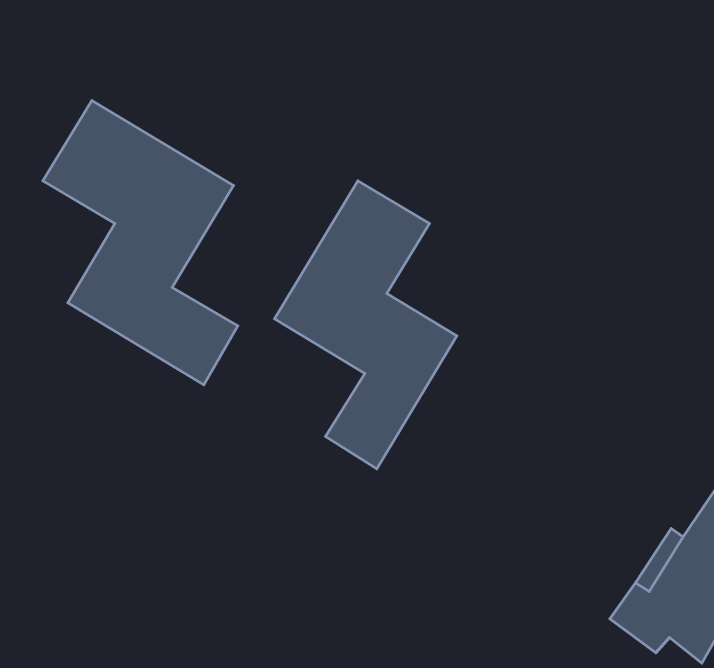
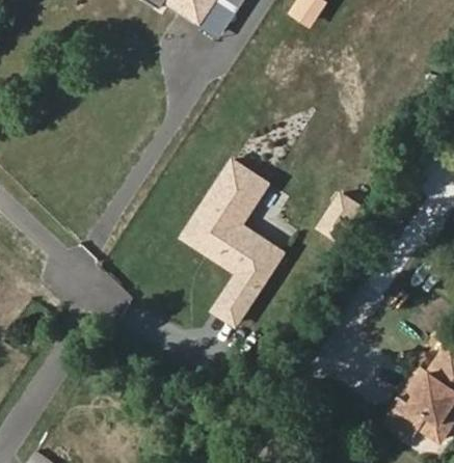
building: [43,100,238,385] -> none

